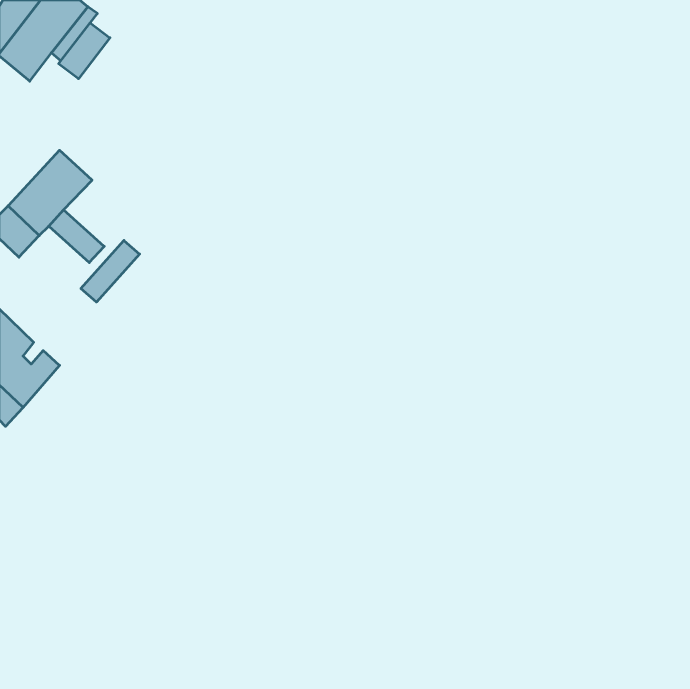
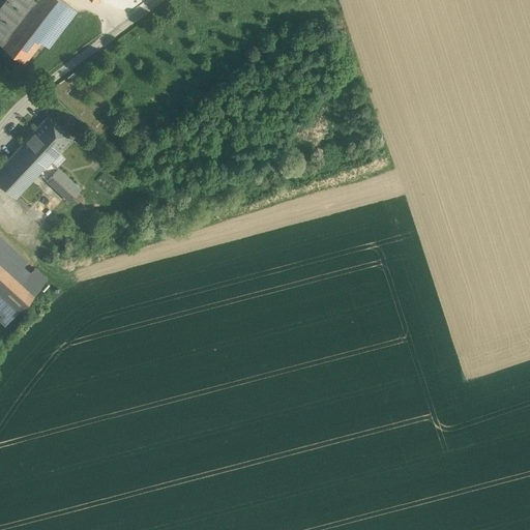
building: [59,23,110,79] -> none
building: [81,240,140,302] -> none

